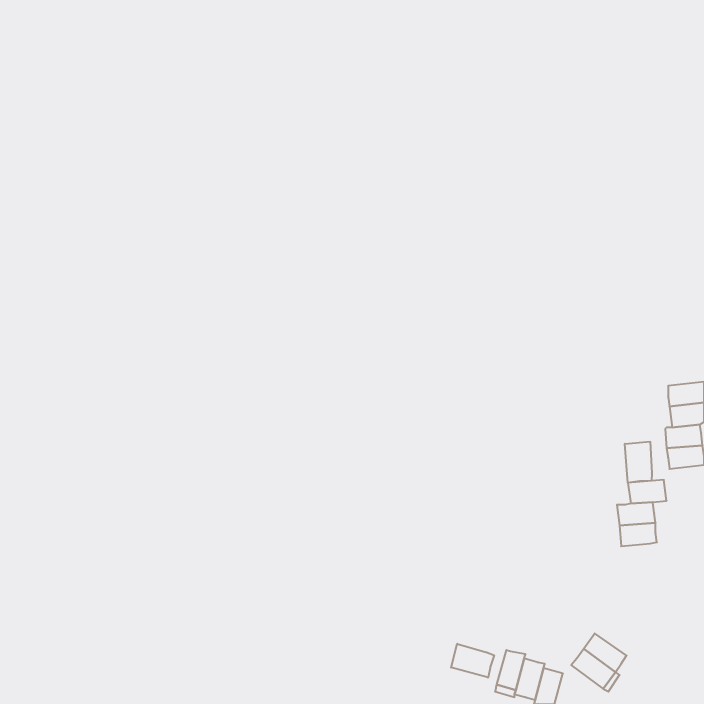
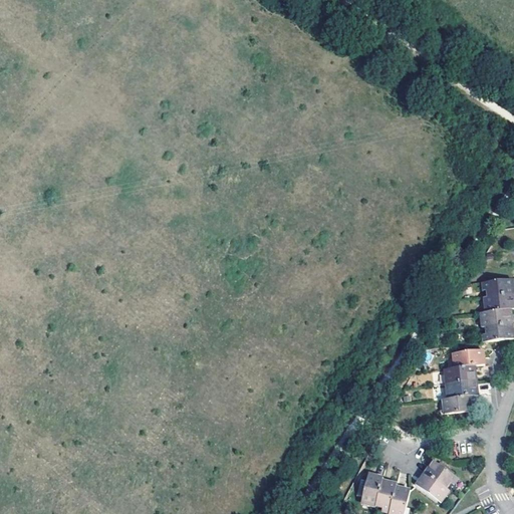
building: [625,442,652,483] -> none
building: none -> [446,395,474,412]
building: [451,644,494,678] -> none

